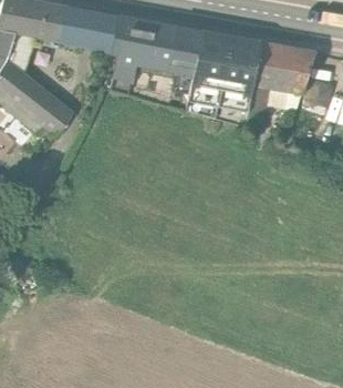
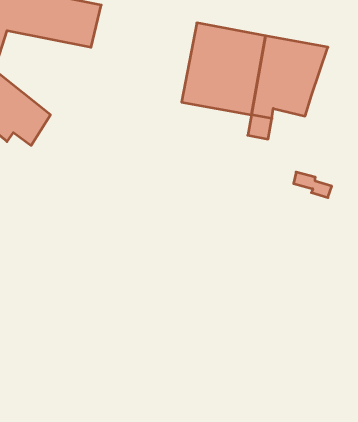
building: [110,16,201,93] -> none
building: [302,79,334,114] -> none

